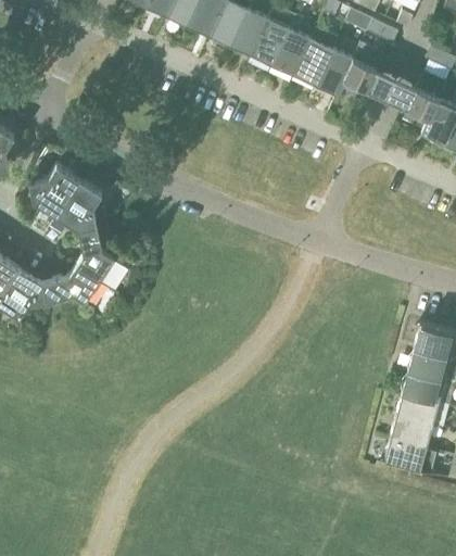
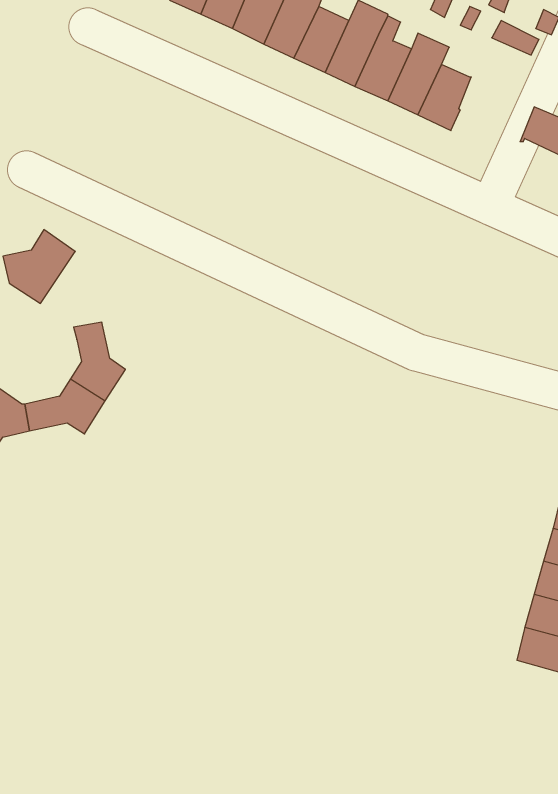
building: [343,42,395,103] -> none
building: [54,179,101,231] -> none

